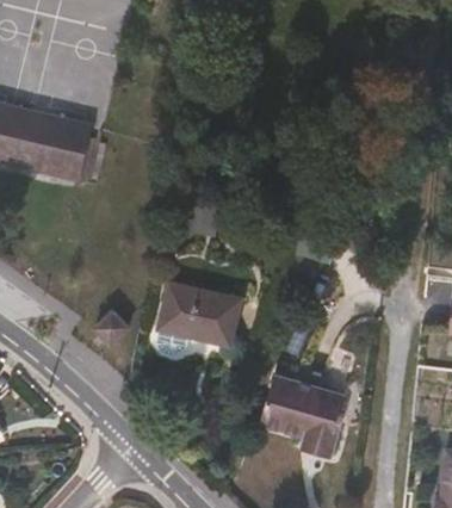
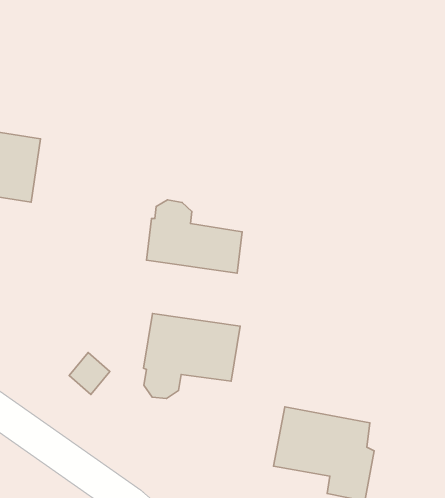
building: none -> [147,200,242,273]

